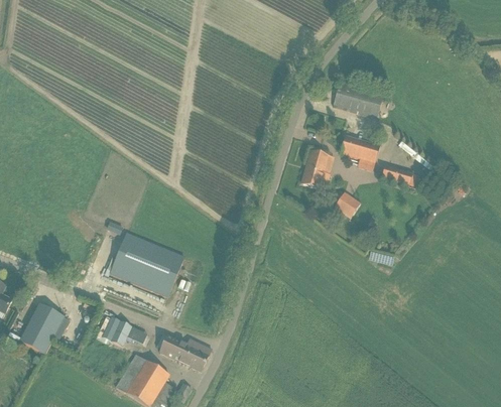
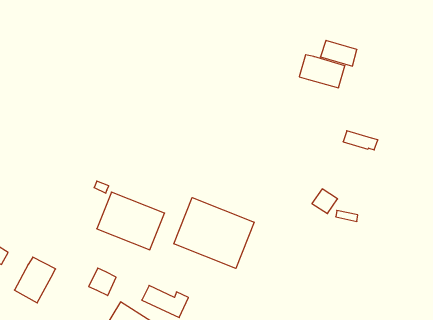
building: [340,135,380,163] -> [320,40,357,66]
building: [301,150,334,189] -> none
building: [333,191,361,219] -> [312,189,338,214]
building: none -> [174,198,254,268]

